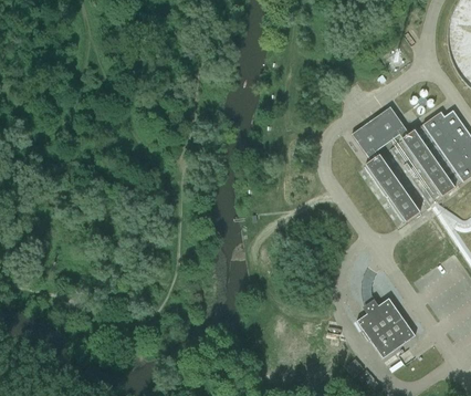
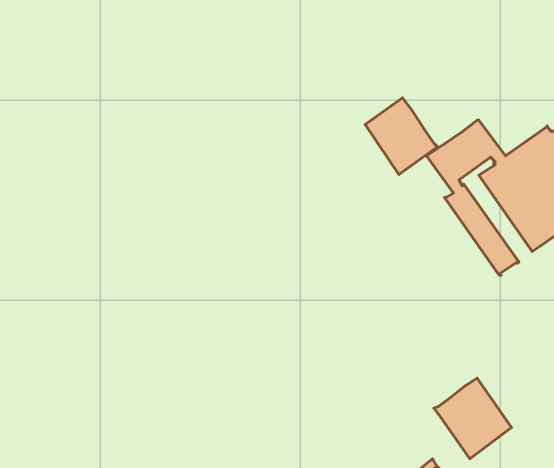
building: none -> [365,98,438,174]

